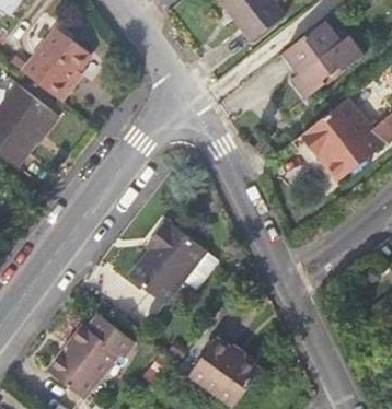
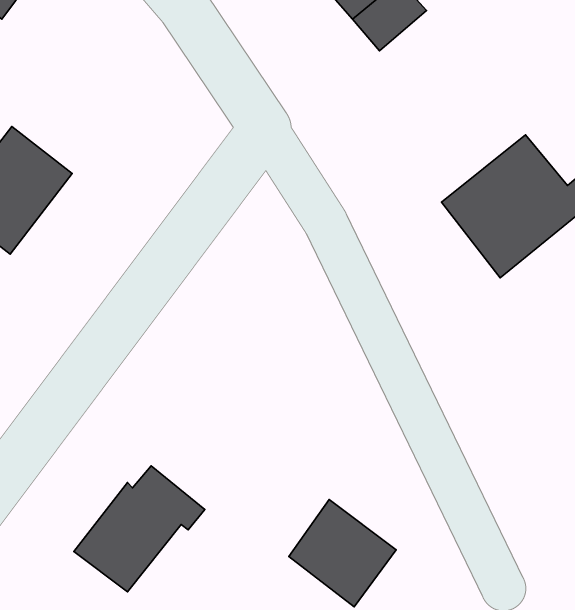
building: [280,19,361,96] -> none
building: [20,31,85,103] -> none
building: [137,212,212,296] -> none

